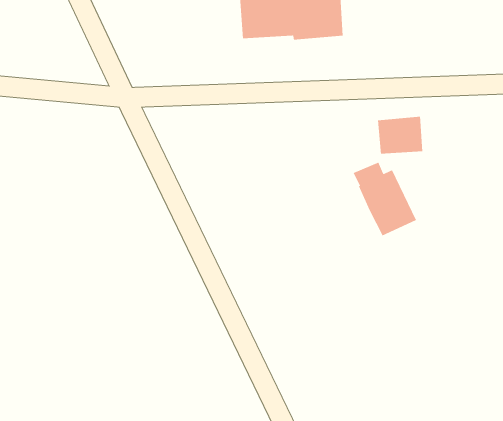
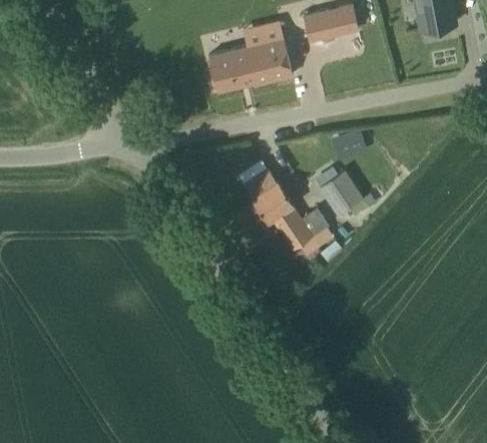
building: none -> [245,169,329,253]

